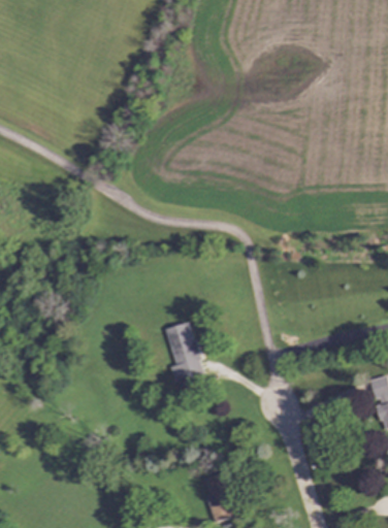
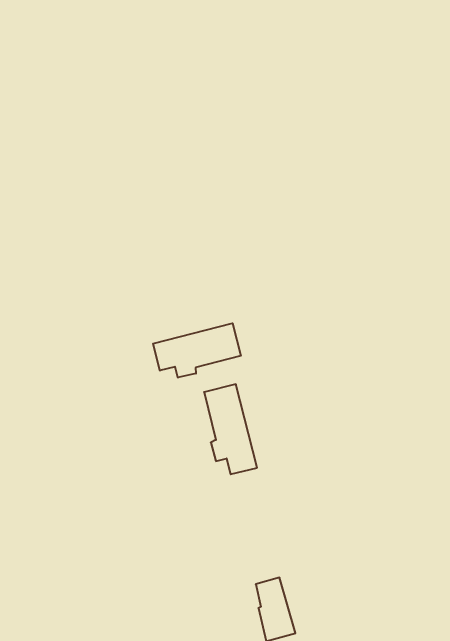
building: none -> [153,323,241,378]

